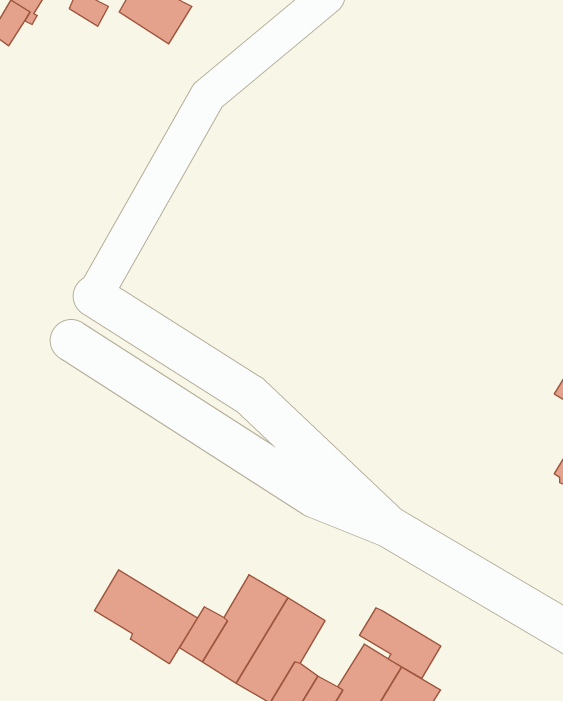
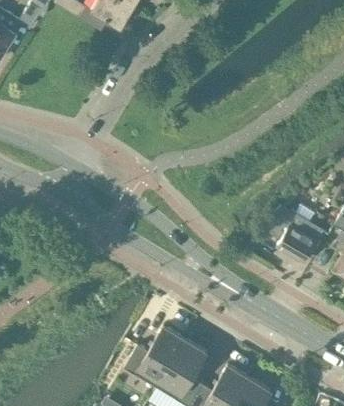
building: none -> [260,206,324,262]
building: [95,570,198,664] -> none
building: [360,608,441,678] -> none

